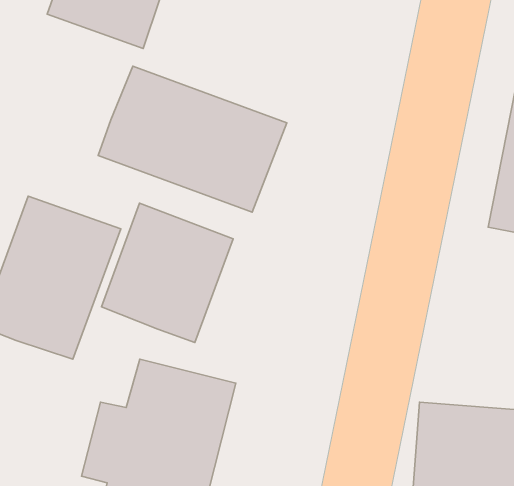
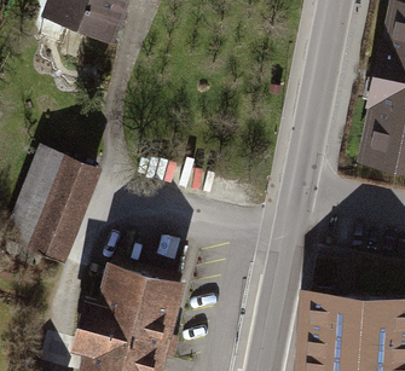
building: [98,66,287,212] -> none
building: [101,203,233,343] -> none

